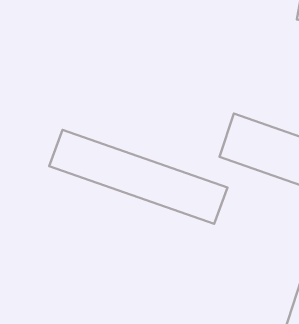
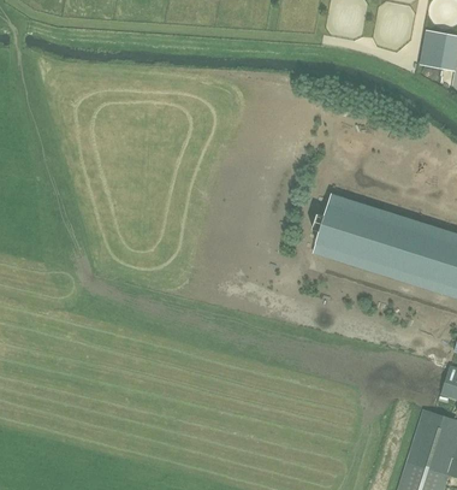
building: [49,130,228,224] -> none

